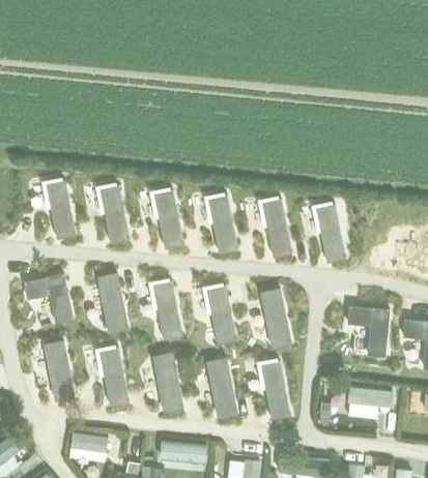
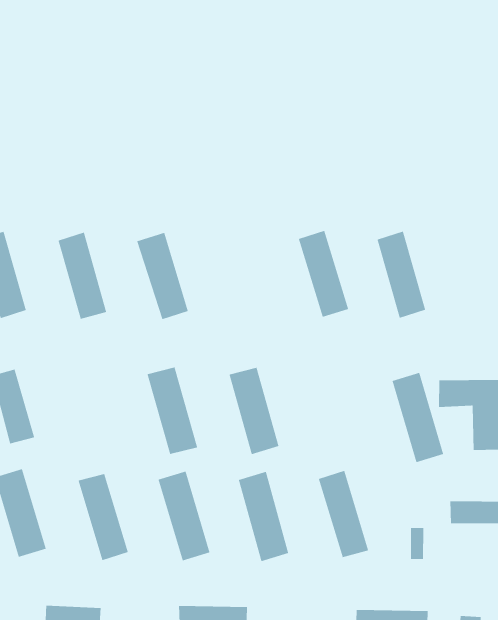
building: [207,196,237,253] -> none
building: [96,273,127,333] -> none
building: [260,288,291,349] -> [391,372,444,463]

